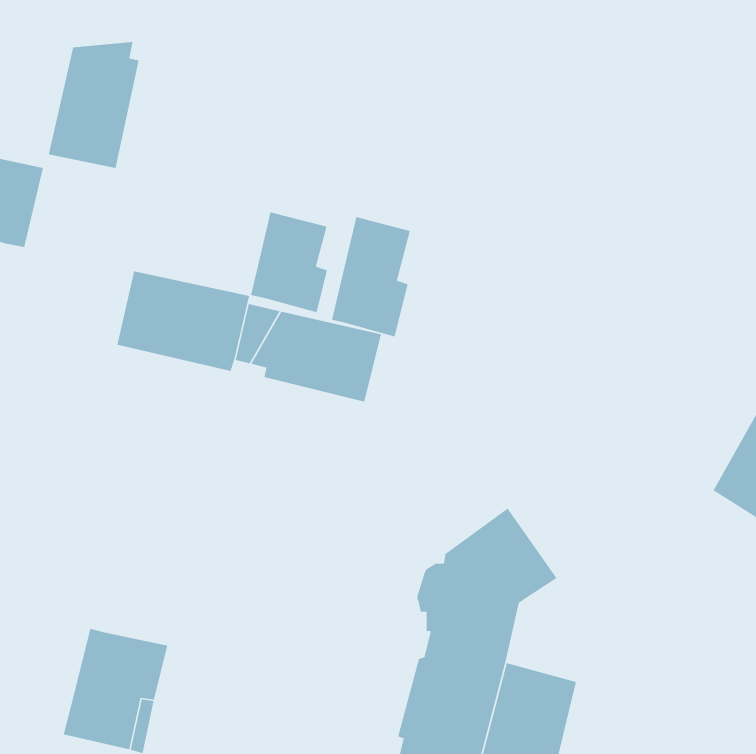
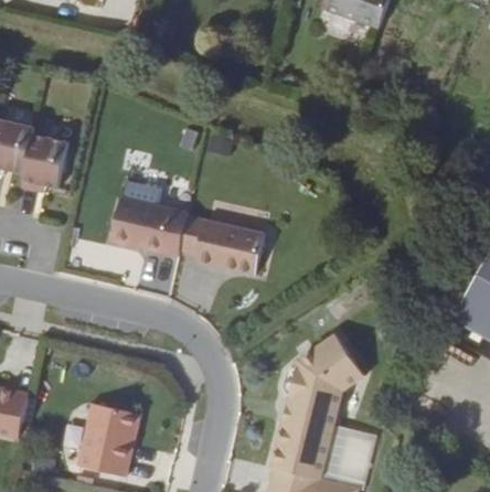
building: [48,41,139,169] -> none
building: [250,211,328,313] -> none
building: [331,216,411,337] -> none

